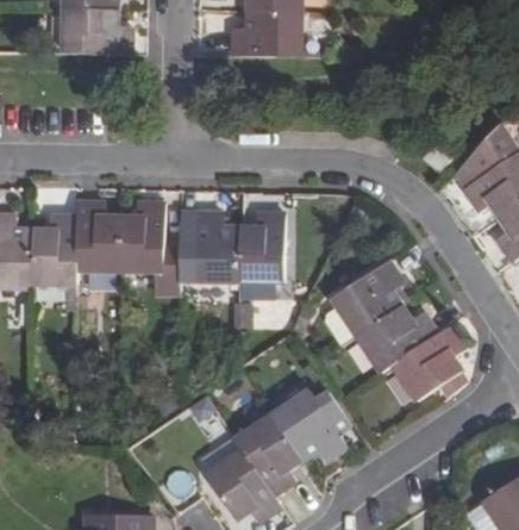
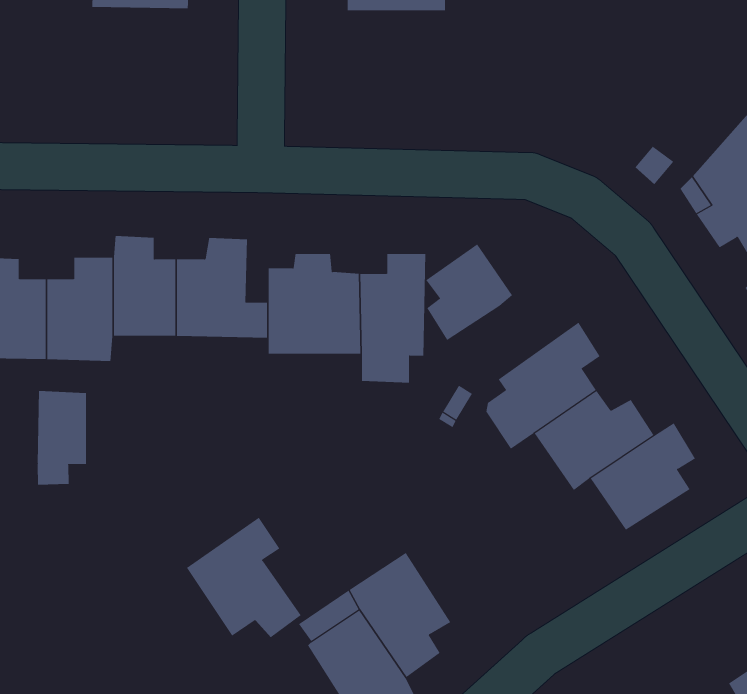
building: none -> [426,244,513,341]
building: none -> [37,390,87,486]
building: [273,389,351,461] -> none
building: none -> [186,517,302,638]

